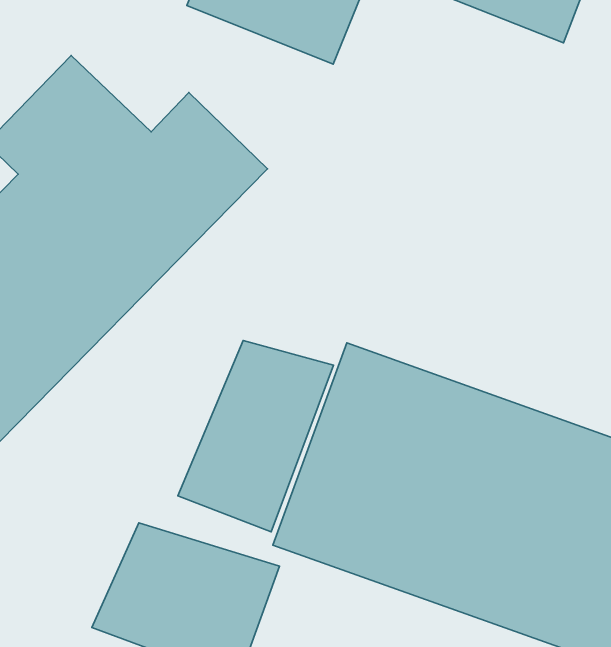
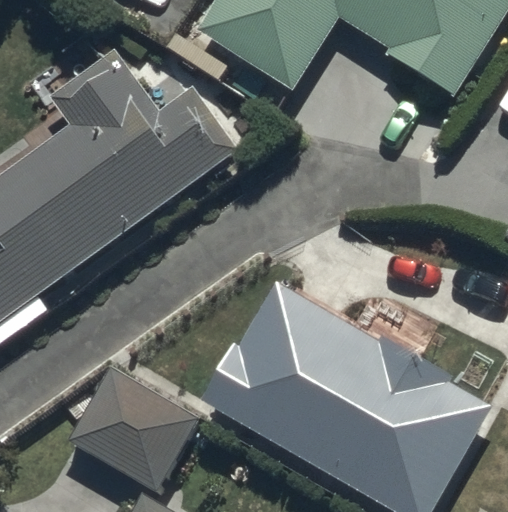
building: [178,341,333,532] -> none

